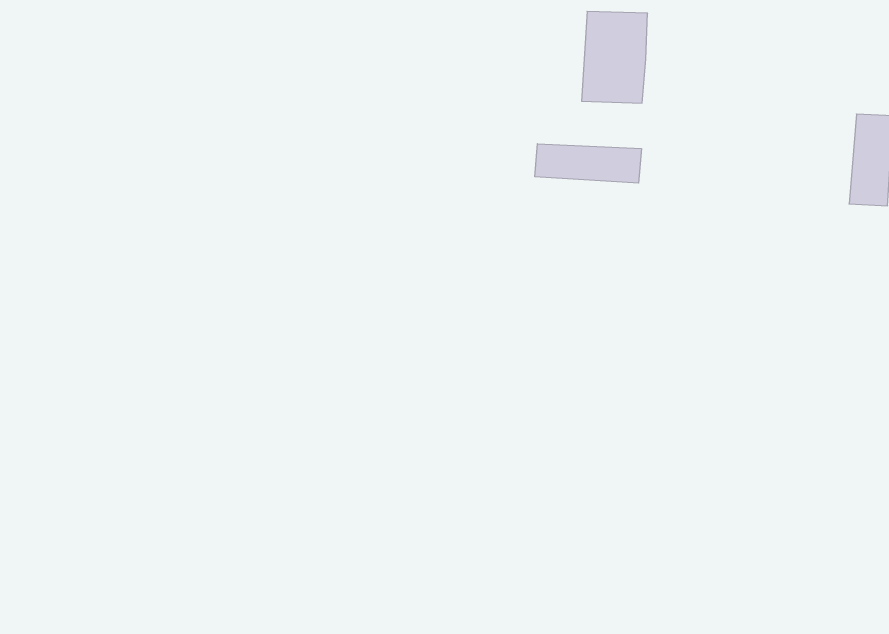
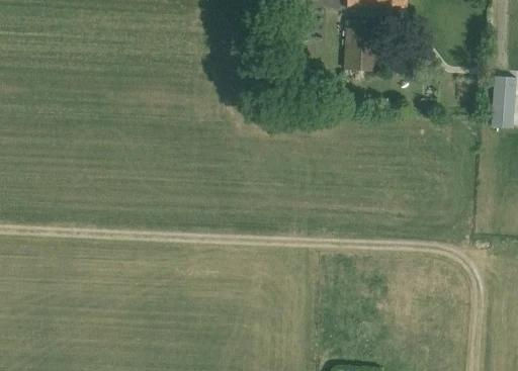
building: [535,144,641,183] -> none

